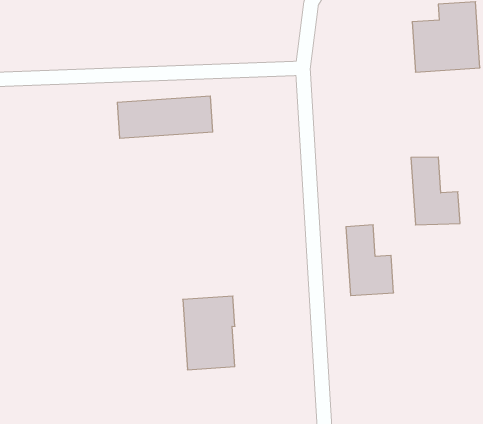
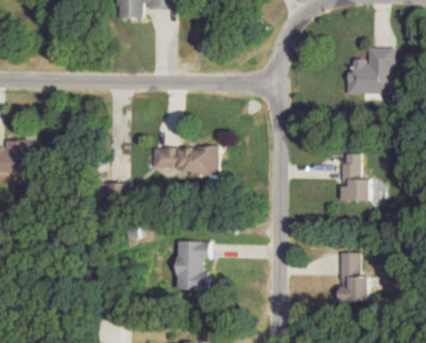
building: [117,96,213,138] -> [152,146,218,172]
building: [346,225,394,296] -> [339,253,369,301]

